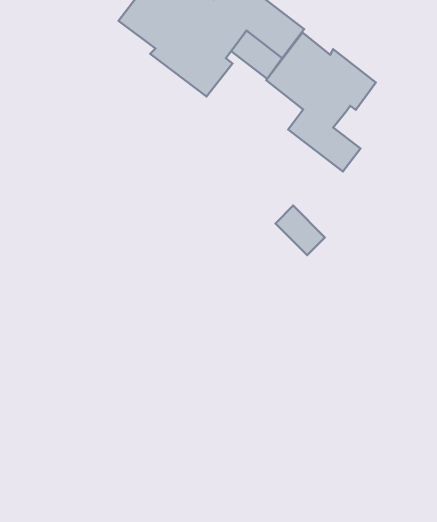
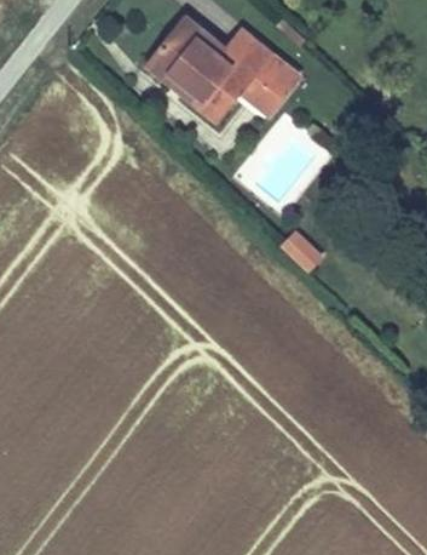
building: [266,33,376,171] -> none

